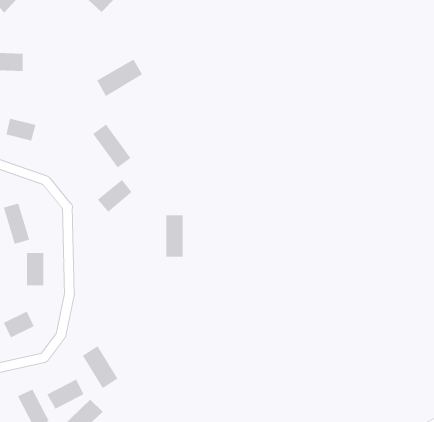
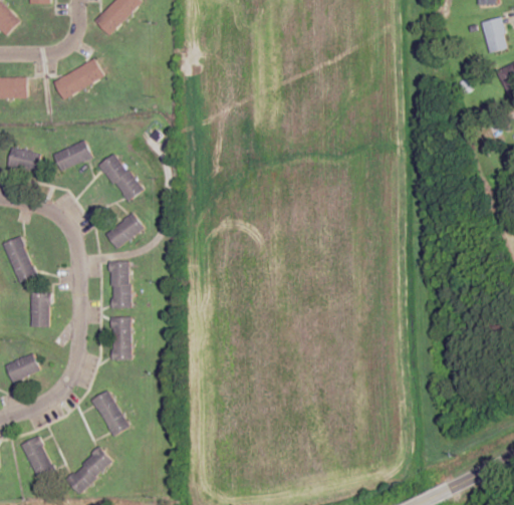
building: [96,59,143,97] -> [54,58,104,99]
building: none -> [54,140,92,172]
building: [166,214,183,258] -> [110,261,130,307]
building: none -> [110,316,131,359]
building: [46,379,84,410] -> none

